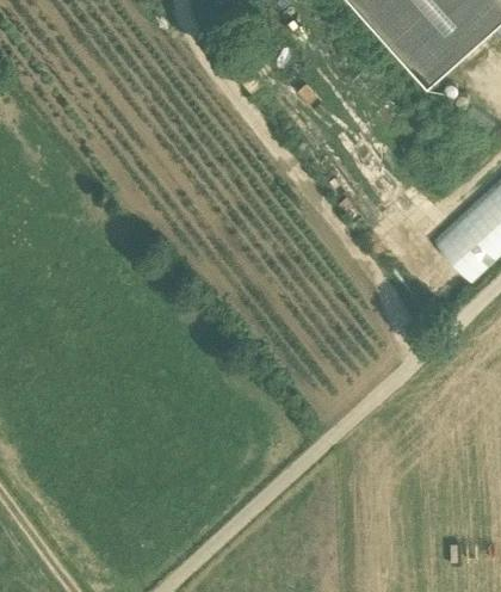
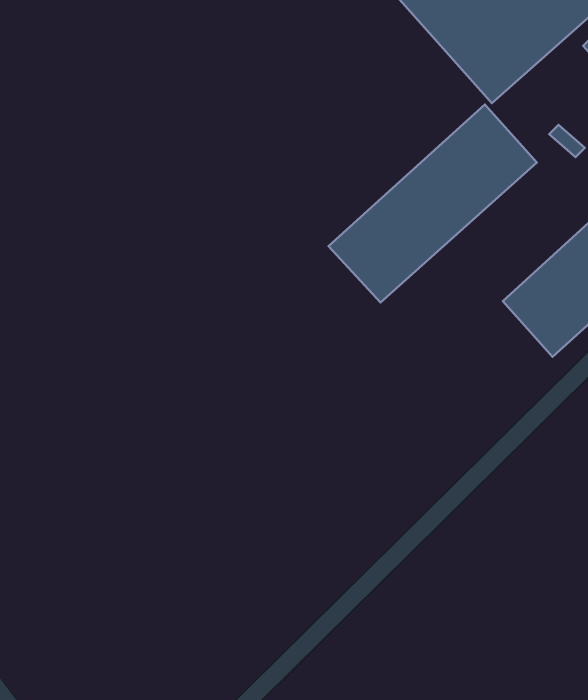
building: none -> [328,105,537,303]

